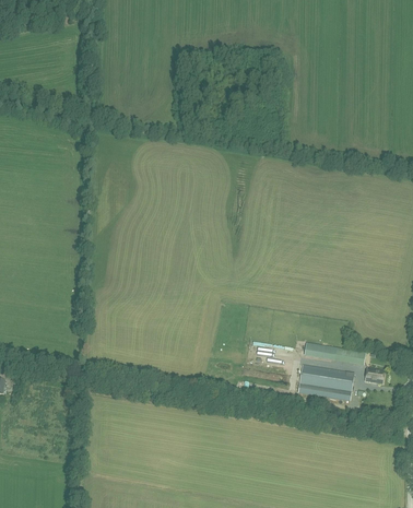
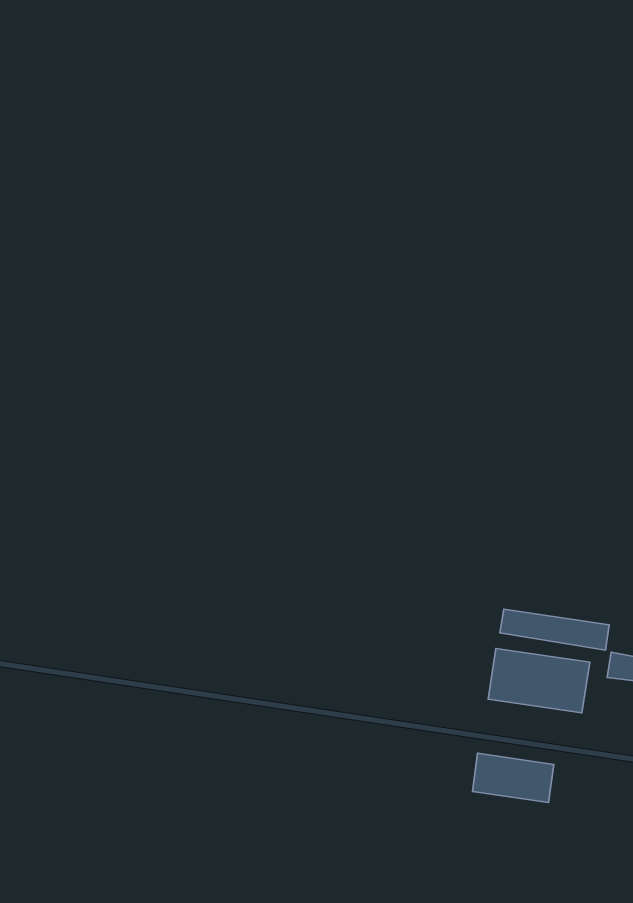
building: none -> [472,753,554,803]

